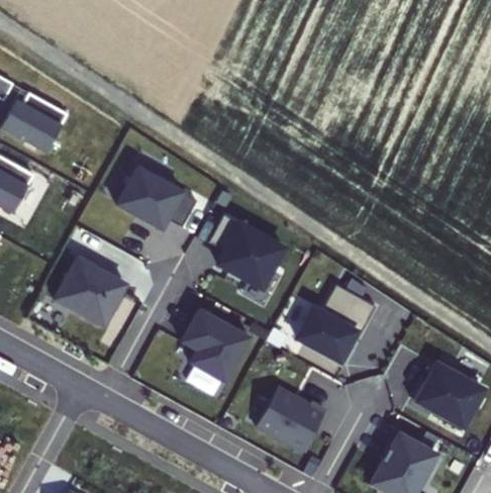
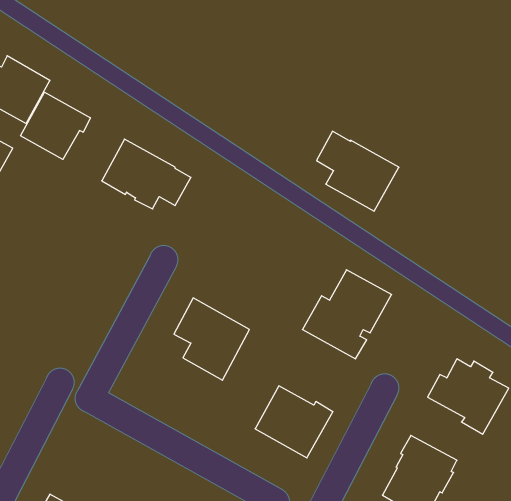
building: none -> [21,92,90,159]
building: [208,218,282,290] -> [317,131,399,211]
building: [55,259,126,327] -> none

